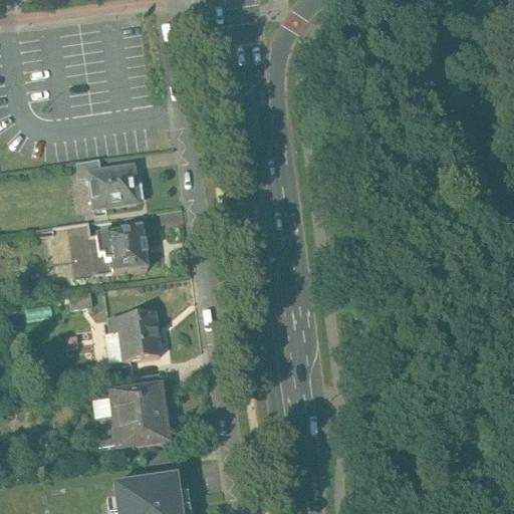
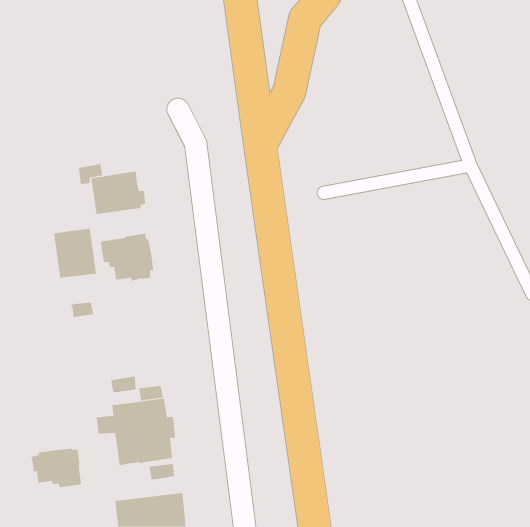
building: [109,311,160,358] -> none
building: none -> [31,448,82,488]

